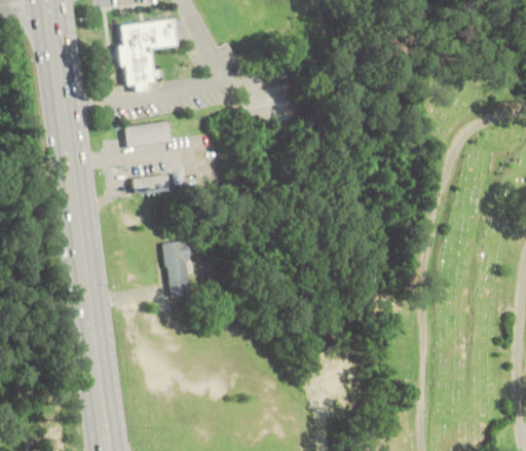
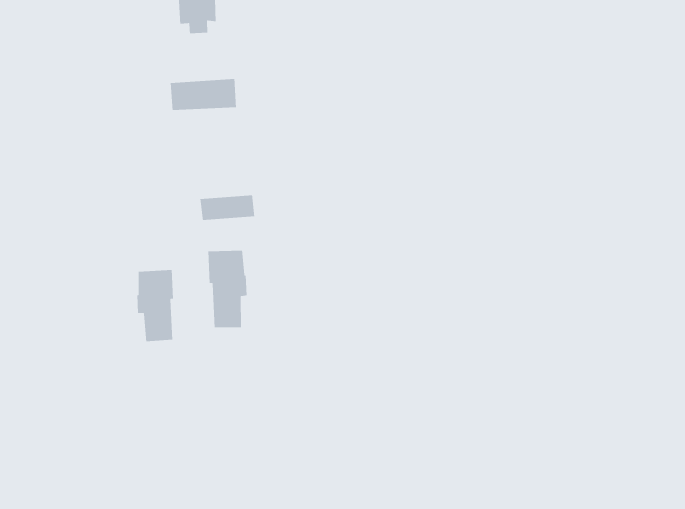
building: [132,173,172,194] -> [200,195,255,221]
building: none -> [137,269,174,342]

